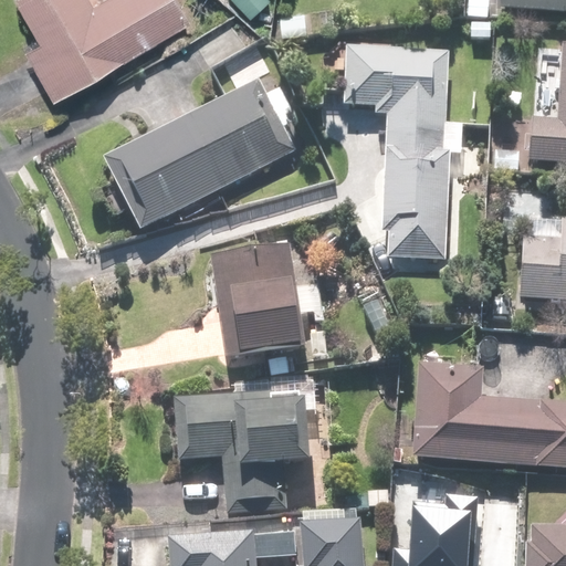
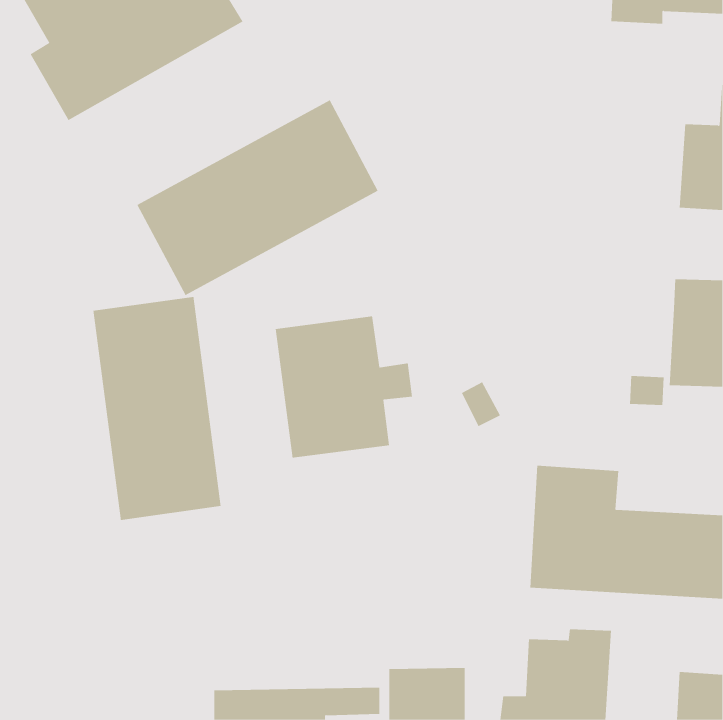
building: [346,45,452,260] -> none
building: none -> [93,296,221,521]
building: [176,395,315,510] -> none

